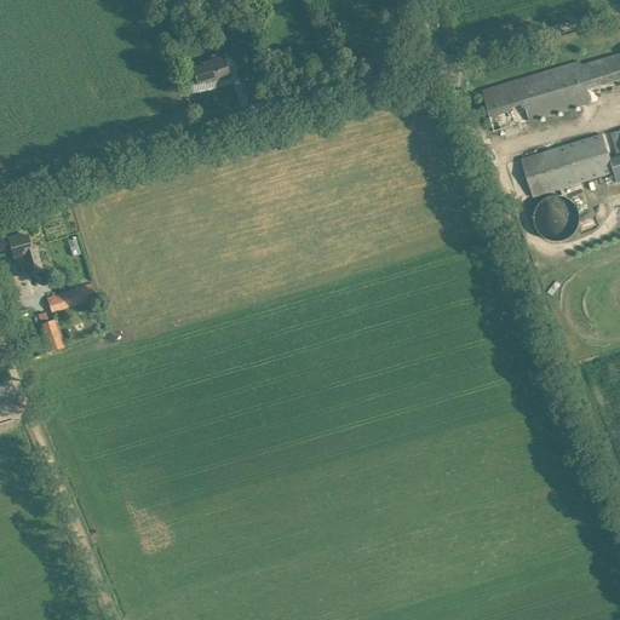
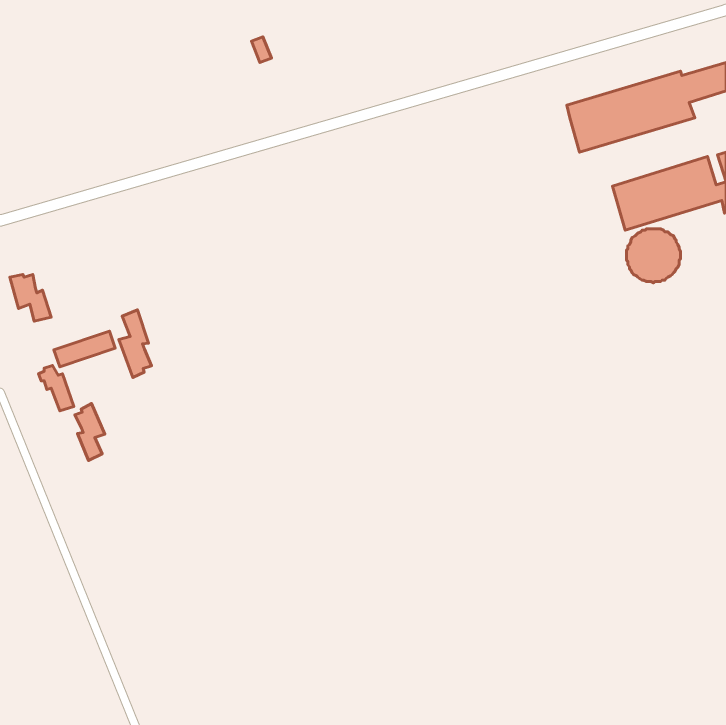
building: [189,56,230,92] -> none
building: none -> [119,310,151,378]
building: none -> [75,404,105,461]

